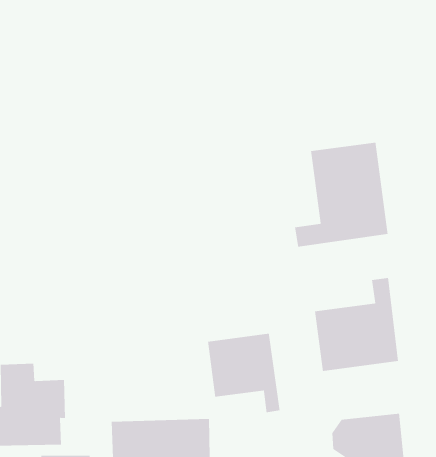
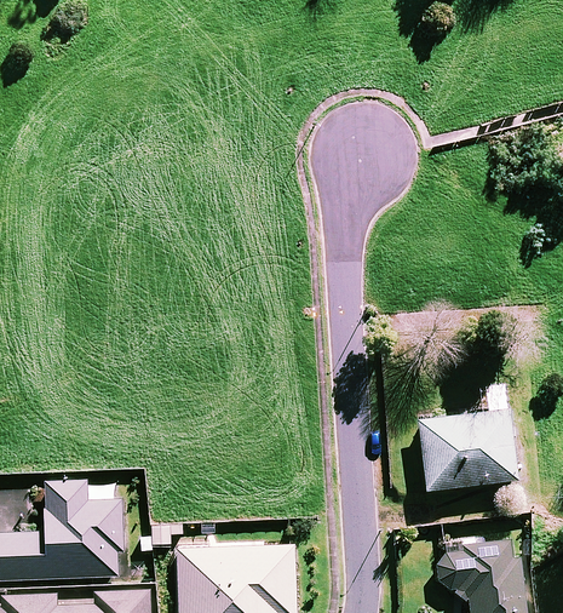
building: [295,142,388,248] -> none
building: [207,333,280,413] -> none

